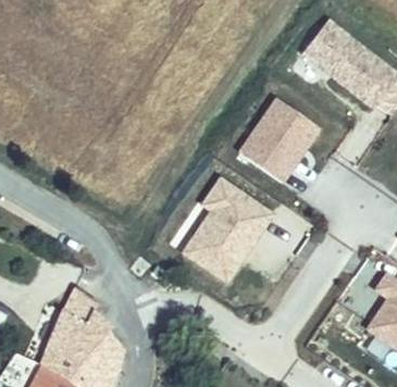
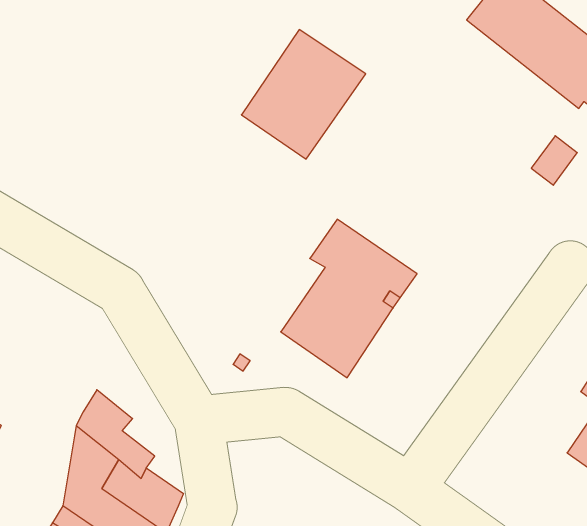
building: [239,99,319,182] -> [241,30,366,159]

